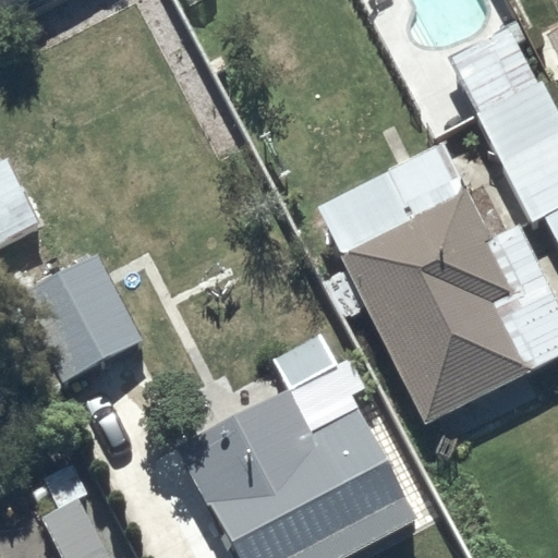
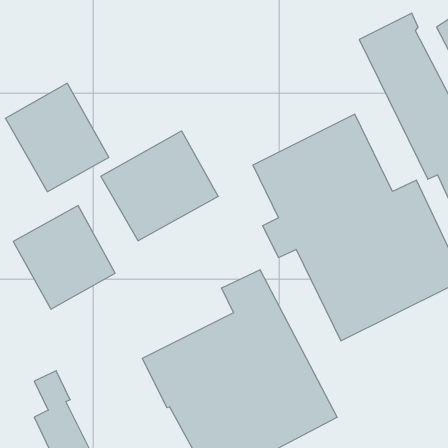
building: none -> [6,83,109,192]
building: none -> [101,131,218,241]

